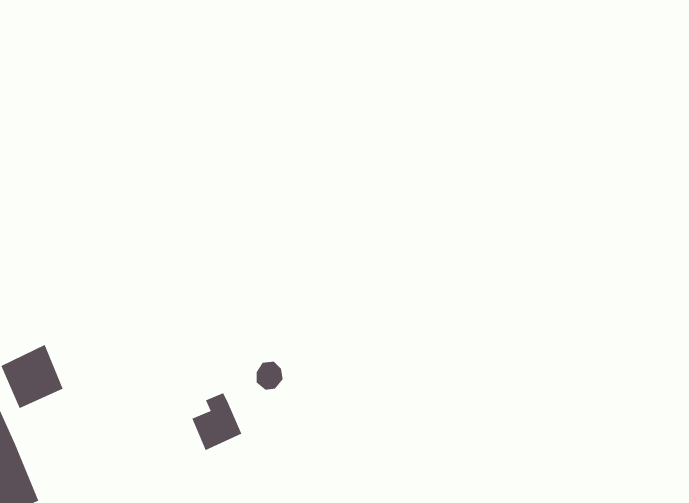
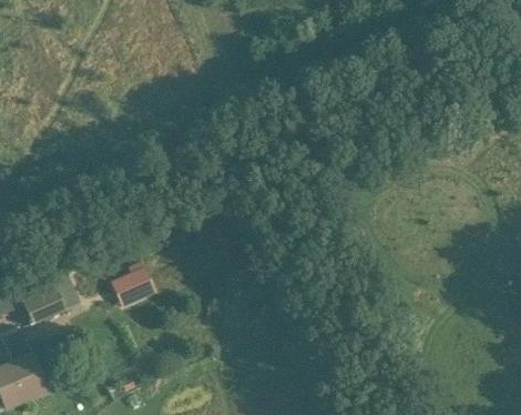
building: [191,392,242,451] -> [116,261,153,303]

